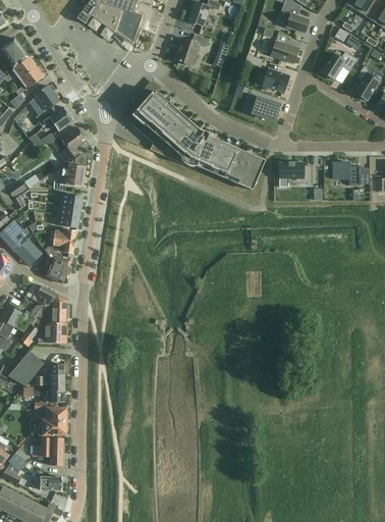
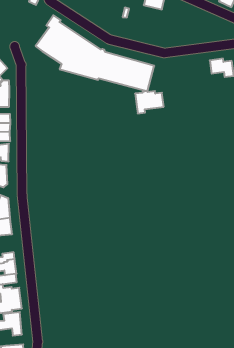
building: [245,93,279,120] -> none
building: [278,160,311,186] -> [135,91,164,113]

